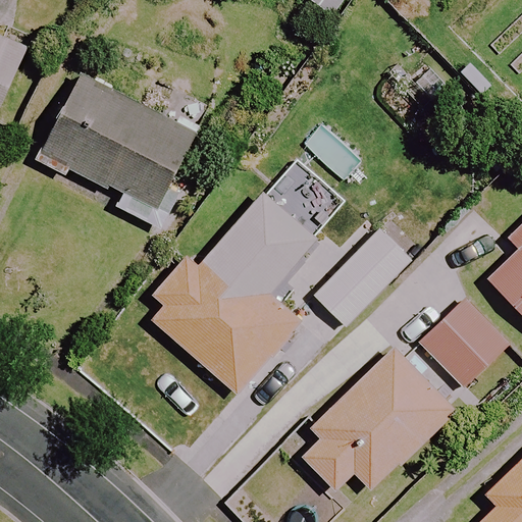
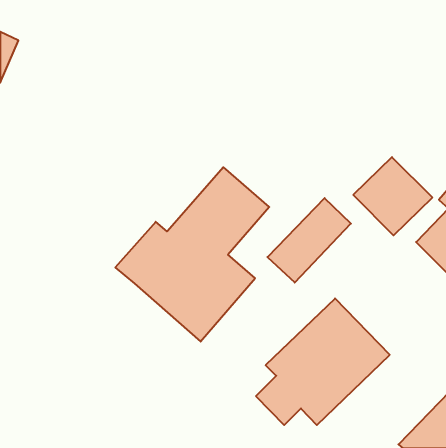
building: [40,70,199,225] -> none
building: [417,298,509,388] -> [353,157,432,235]

